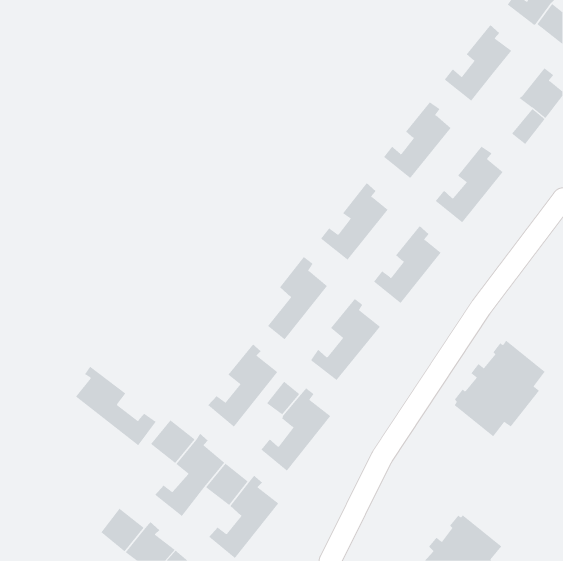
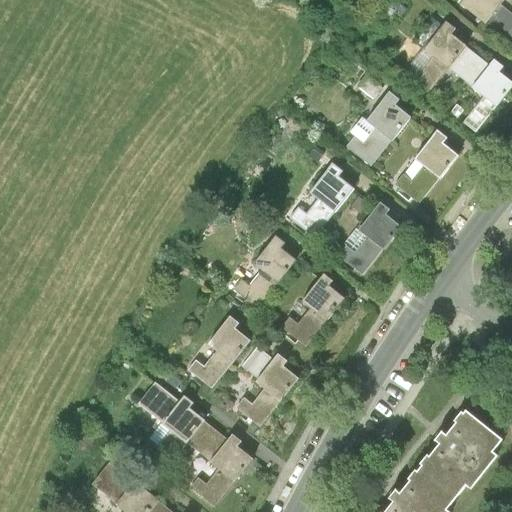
building: none -> [447,46,489,87]
building: [454,340,545,437] -> [419,407,502,495]
building: [75,366,156,446] -> none

